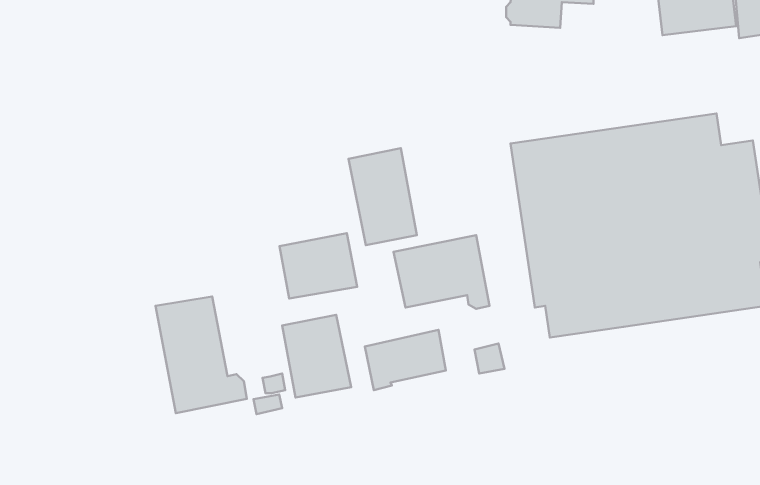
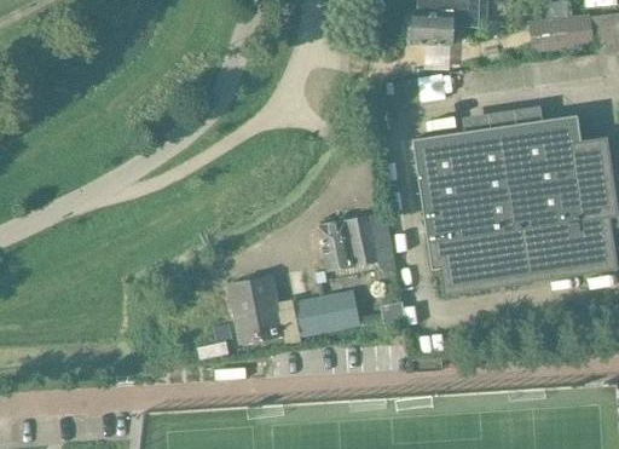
building: [348,148,417,245] -> none
building: [280,233,357,298] -> none
building: [155,296,247,413] -> none

